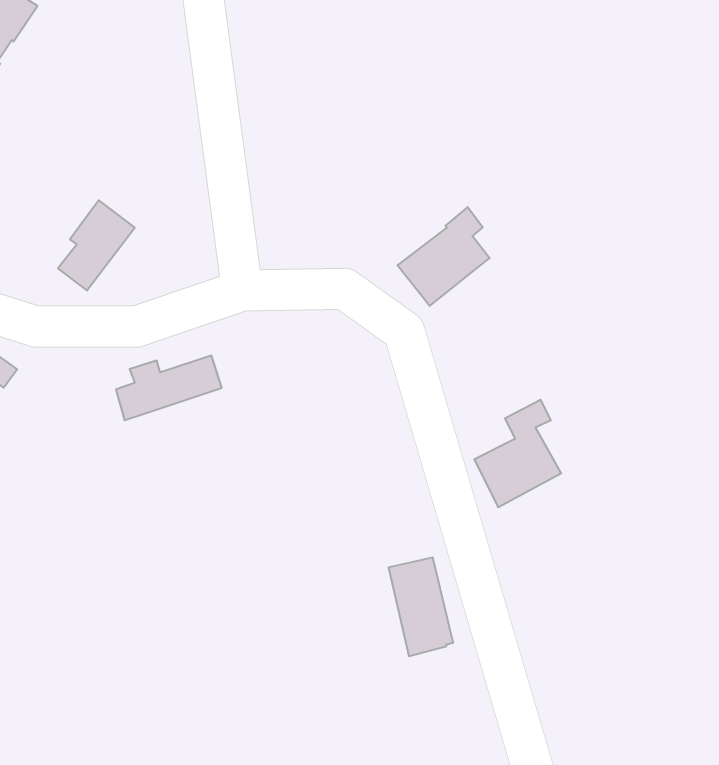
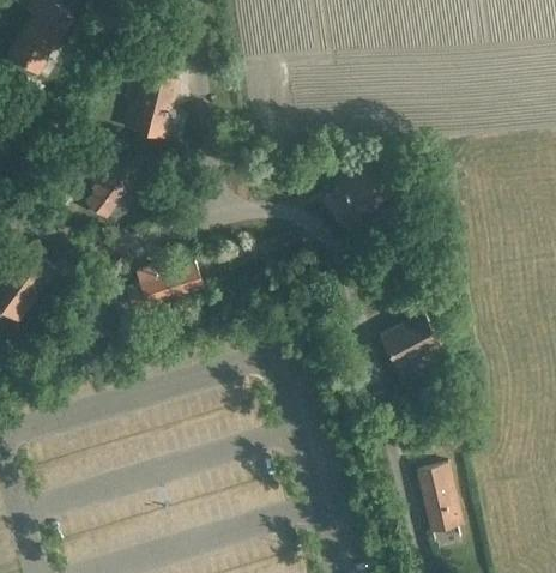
building: none -> [126,73,177,141]
building: [388,557,453,656] -> [418,468,464,537]

